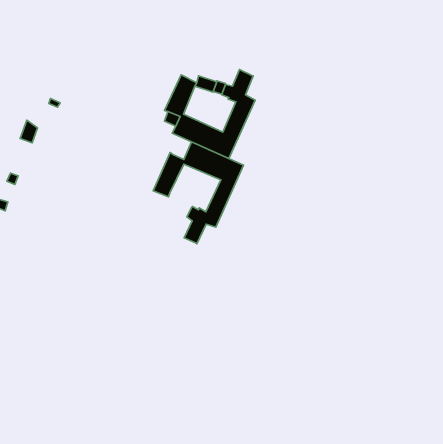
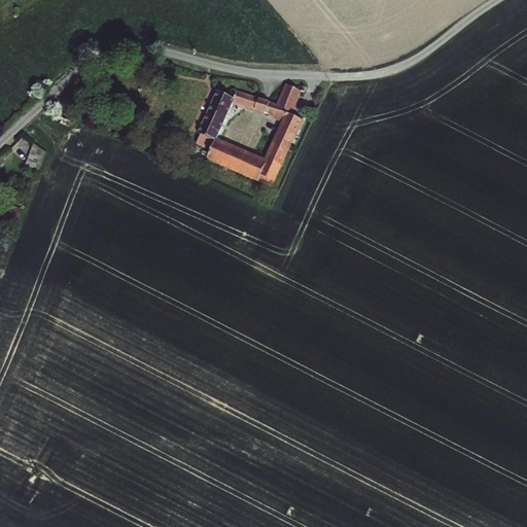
building: [153,142,244,244] -> none

